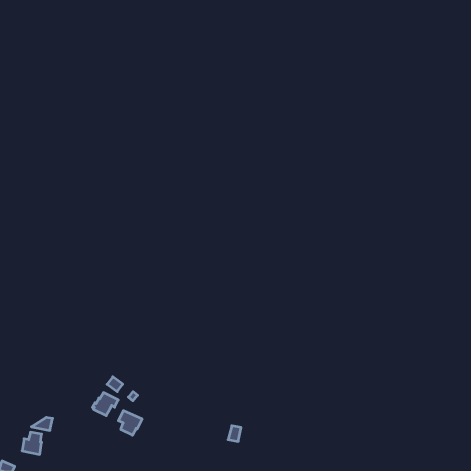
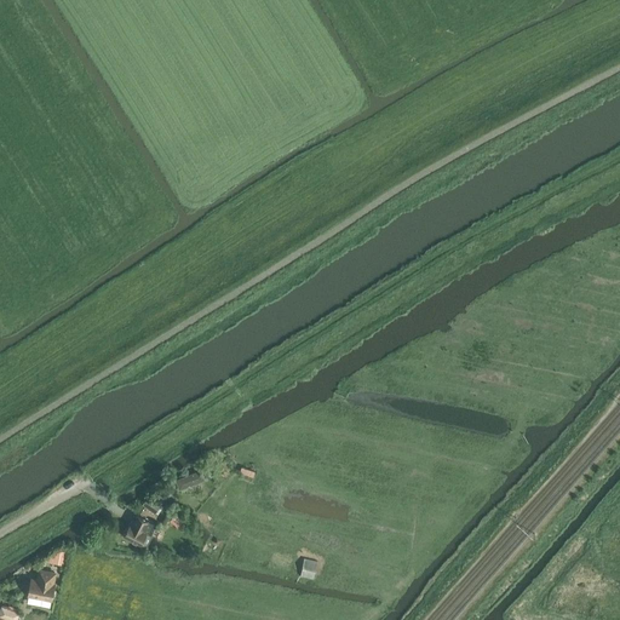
building: [118,411,142,435] -> none

